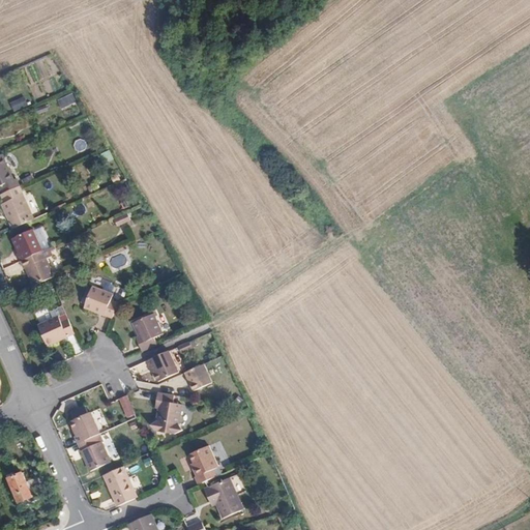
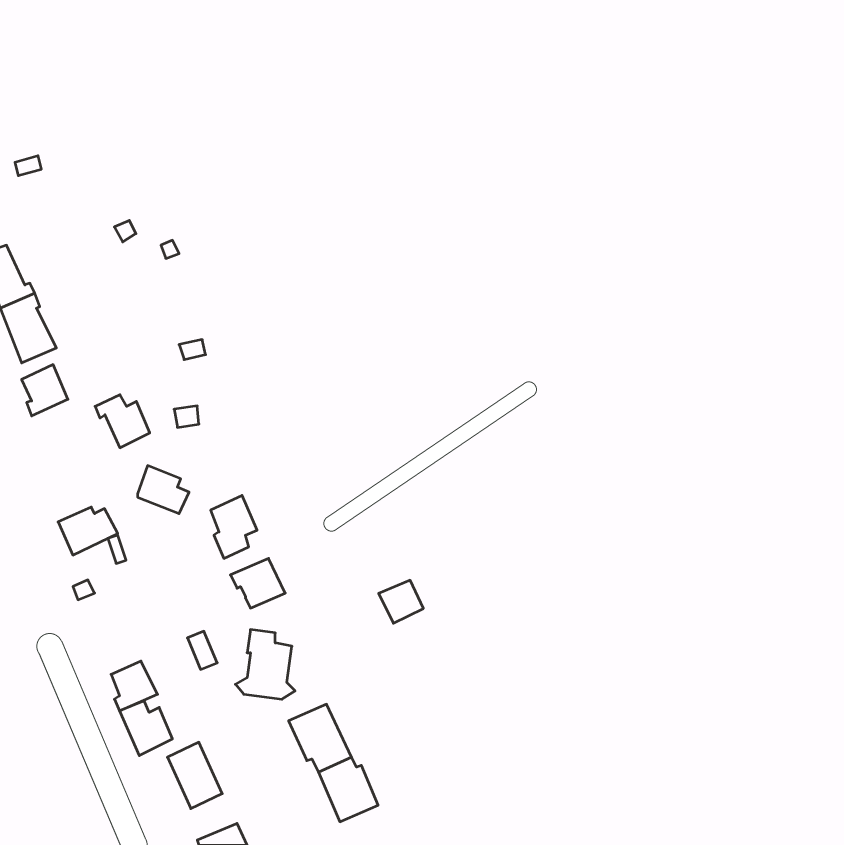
building: [20,253,54,286] -> [95,395,150,448]
building: [183,361,211,388] -> [379,580,423,623]
building: [6,472,31,501] -> none

